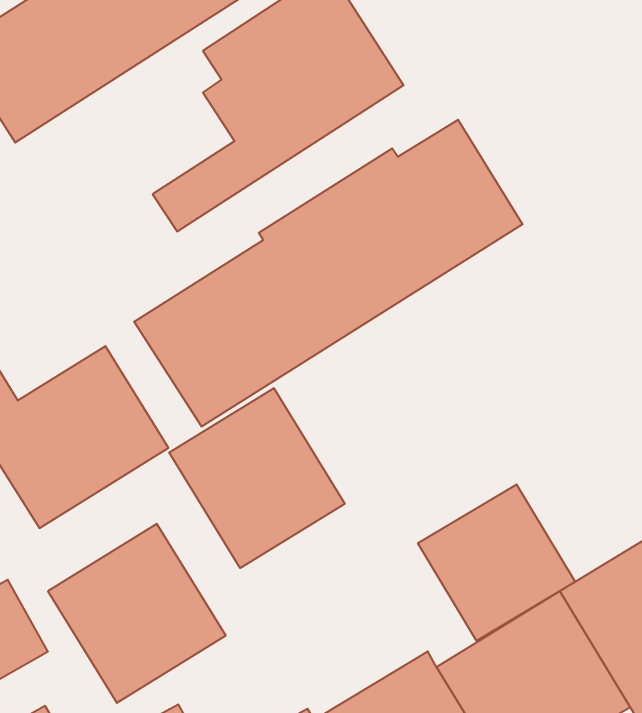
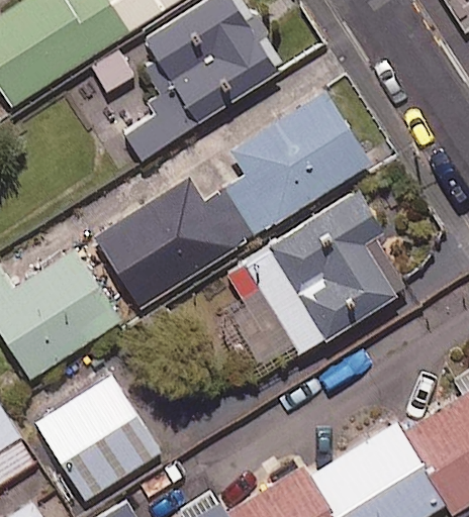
building: none -> [245,196,406,352]
building: [169,388,345,568] -> none
building: [418,484,575,641] -> none

